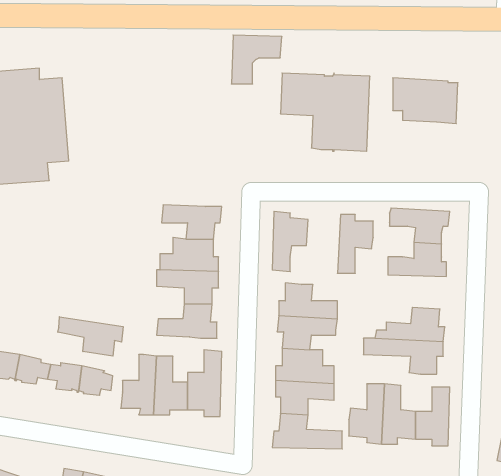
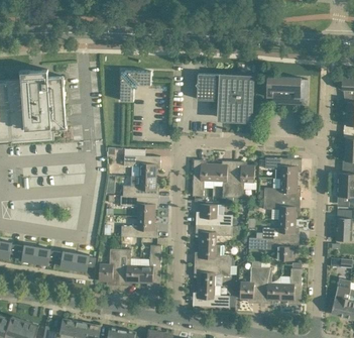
building: [231,35,282,84] -> [120,71,151,101]
building: none -> [213,161,234,198]
building: none -> [263,199,300,220]
building: [58,317,123,356] -> none

